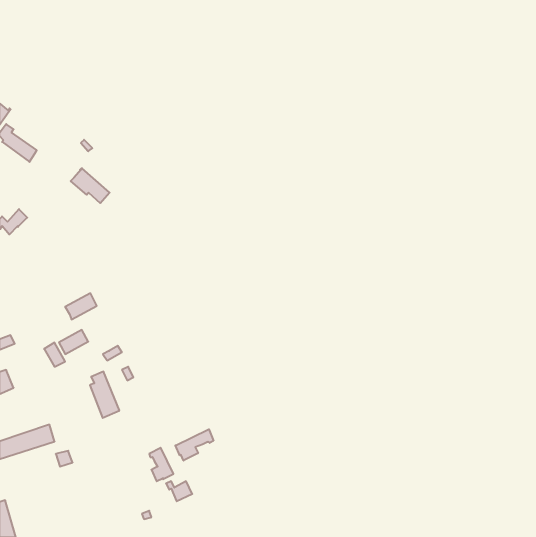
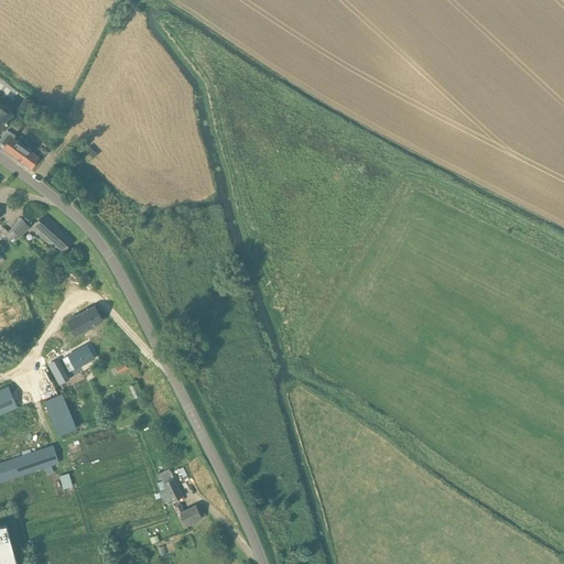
building: [71,168,110,203] -> [31,215,72,251]
building: [90,372,119,418] -> [44,387,75,435]
building: [175,429,213,461] -> none

